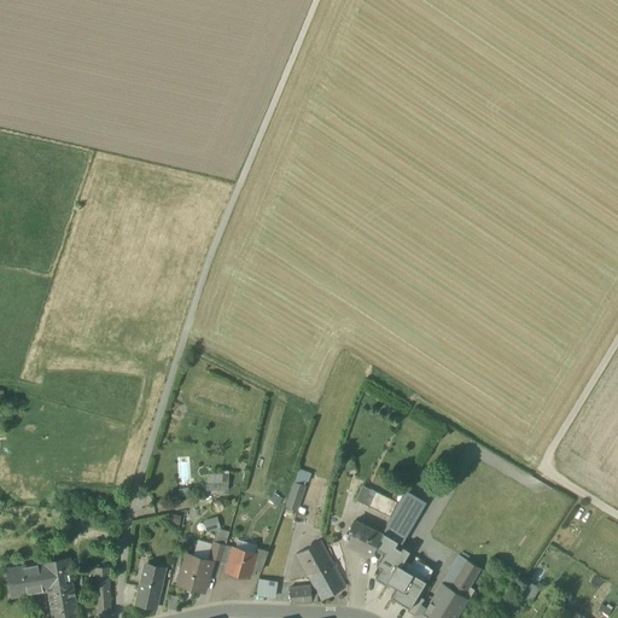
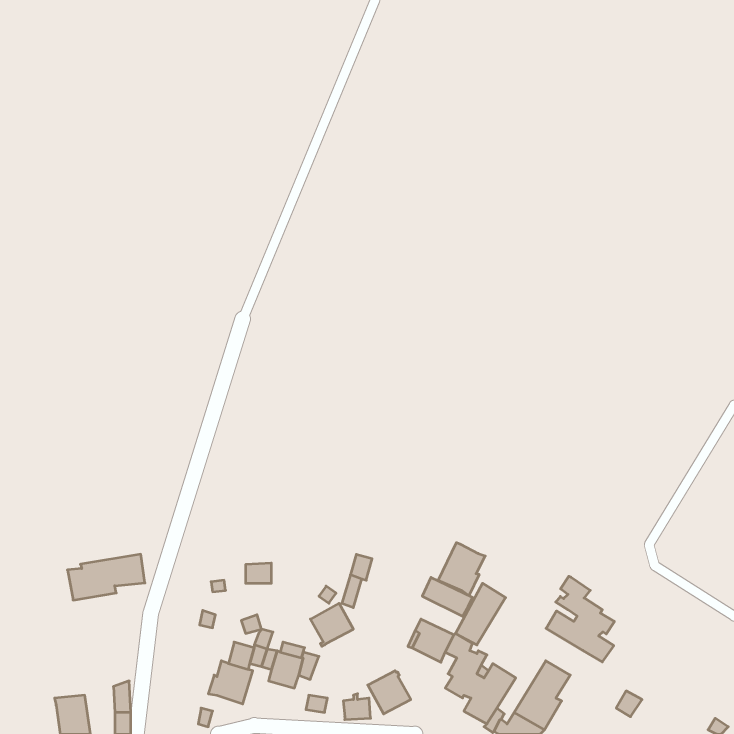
building: none -> [438,543,485,596]
building: none -> [546,576,614,662]
building: [296,542,332,578] -> [310,603,353,646]
building: [6,560,71,599] -> [67,554,145,600]
building: [138,569,165,608] -> none

